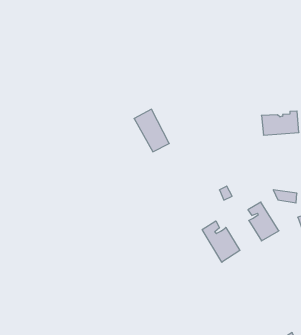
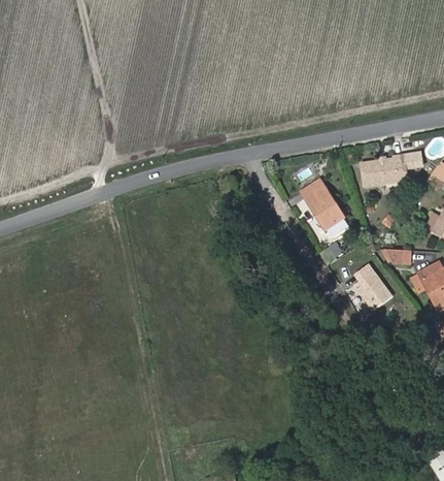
building: [134,109,169,152] -> [301,180,344,229]
building: [202,221,240,262] -> none

